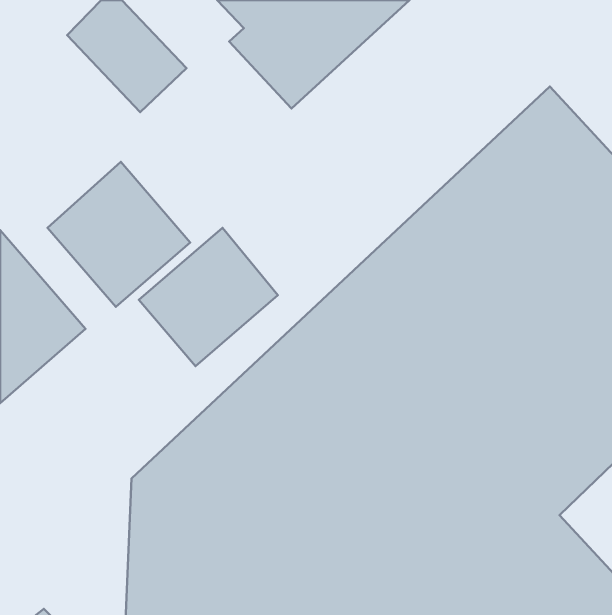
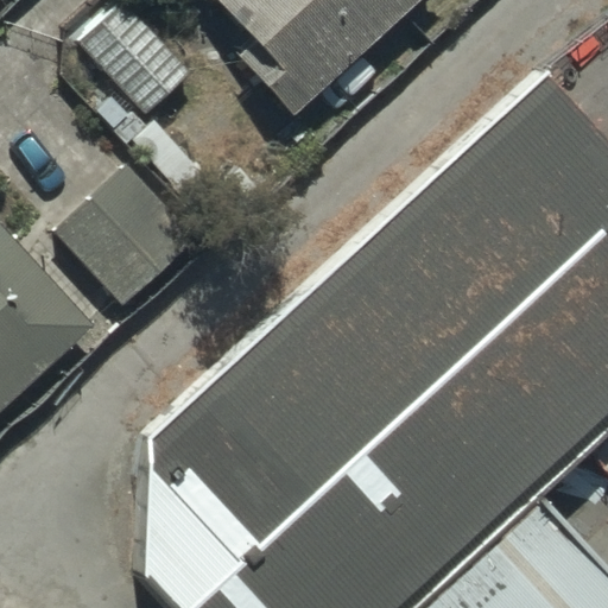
building: [139,228,278,366] -> none

